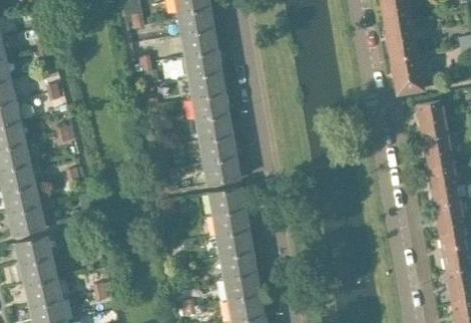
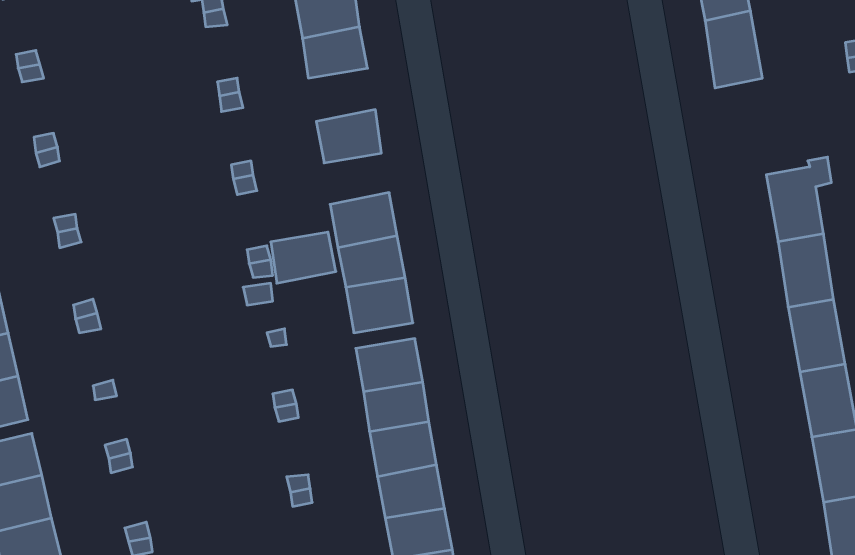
building: [185,50,219,77] -> none
building: [391,55,421,92] -> none
building: [193,93,226,119] -> [271,232,336,283]

